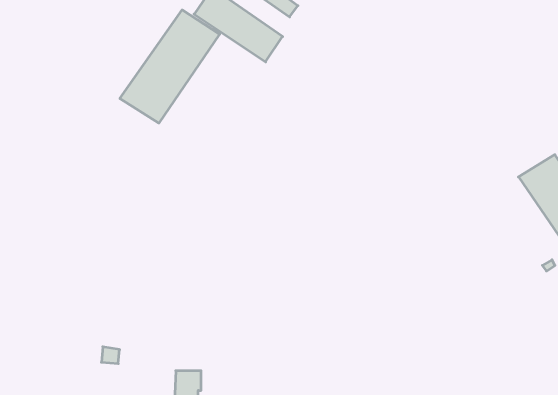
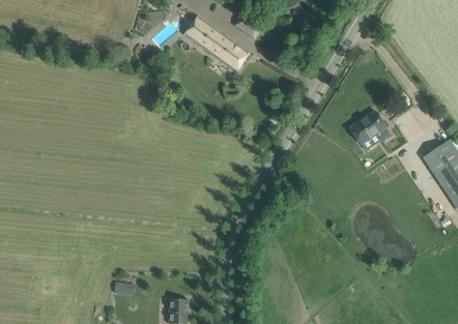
building: [120,10,220,123] -> none
building: none -> [349,111,391,144]

